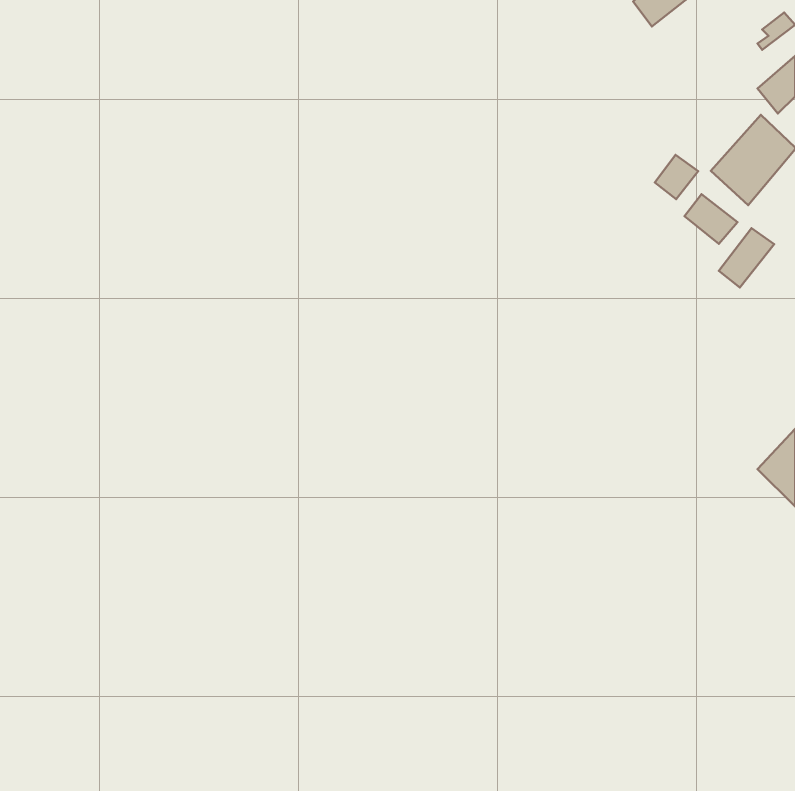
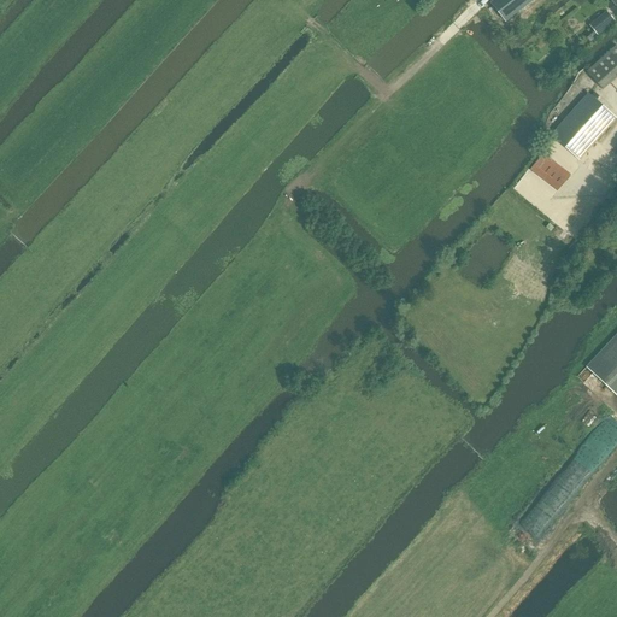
building: [655,155,698,199] -> none
building: [719,228,774,288] -> none

